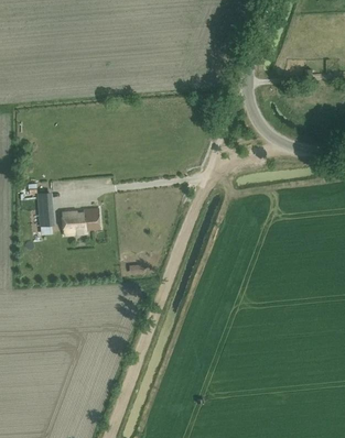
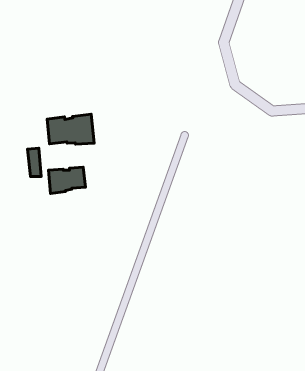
building: none -> [47,114,94,144]

